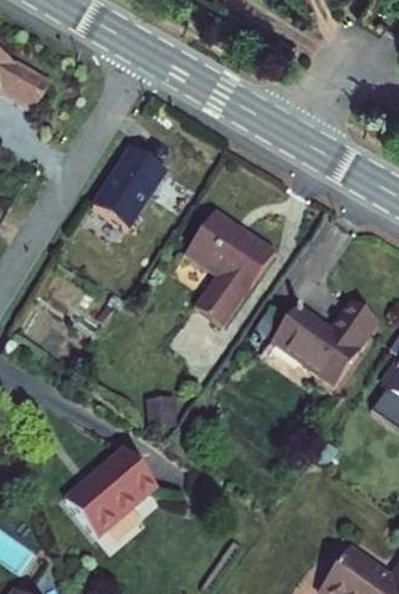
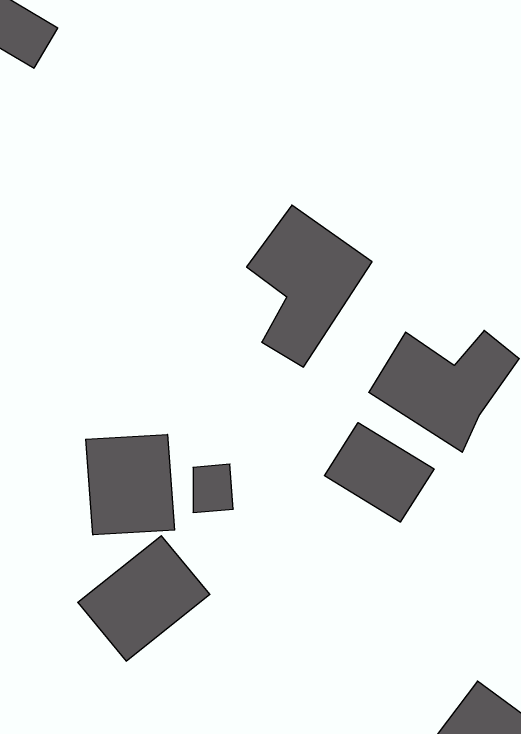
building: [91,141,168,225] -> none
building: none -> [324,423,434,522]
building: none -> [86,434,175,535]

